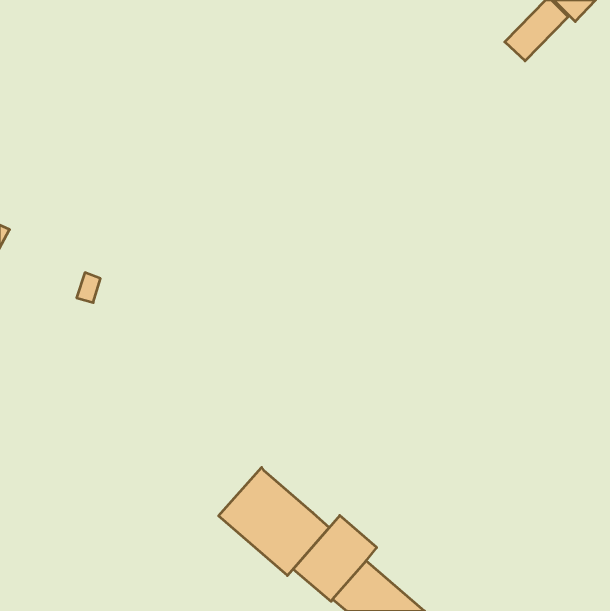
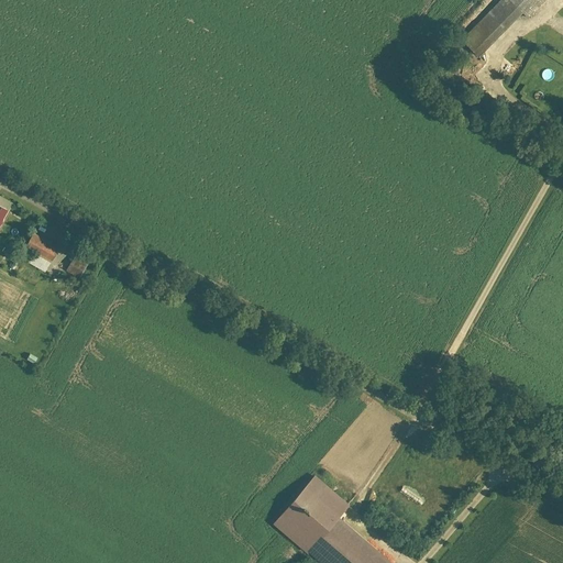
building: none -> [24,233,60,264]
building: [219,467,329,576] -> none

